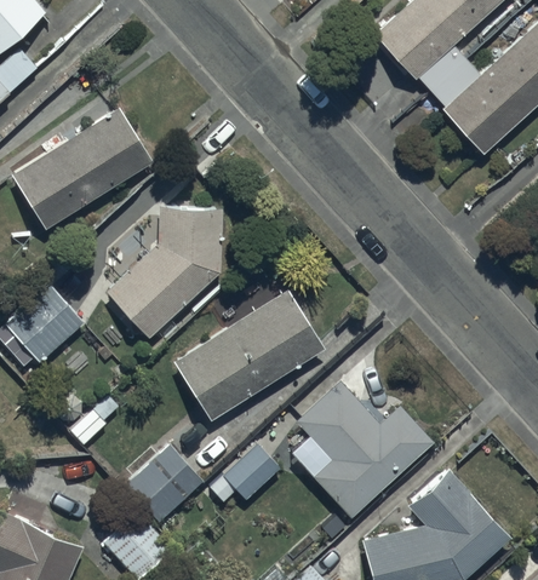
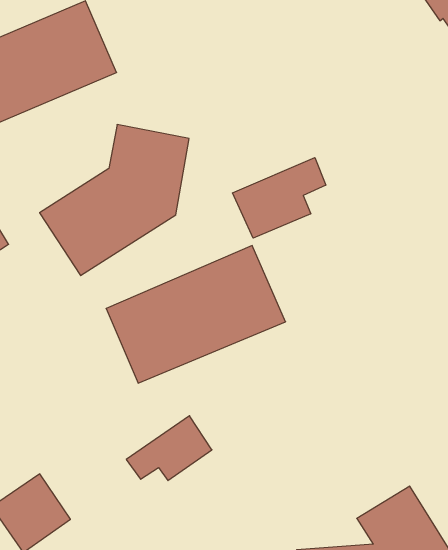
building: none -> [233,158,326,238]
building: [296,381,434,518] -> none
building: [125,442,204,521] -> none

